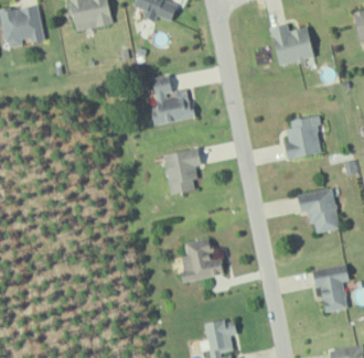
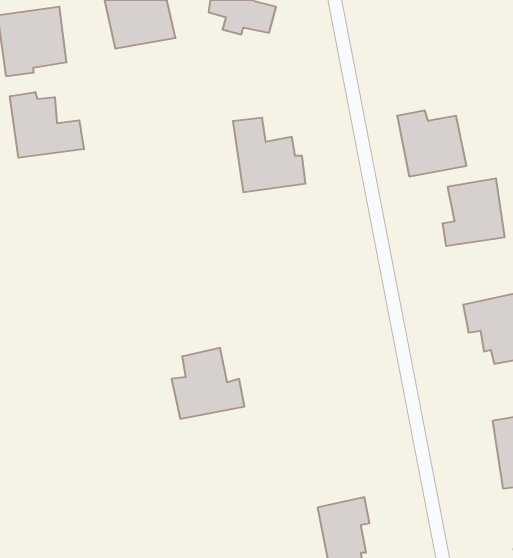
building: [270,23,314,65] -> [397,111,466,176]
building: none -> [10,92,84,158]
building: [165,148,201,193] -> none
building: [179,237,225,282] -> [172,348,244,419]

